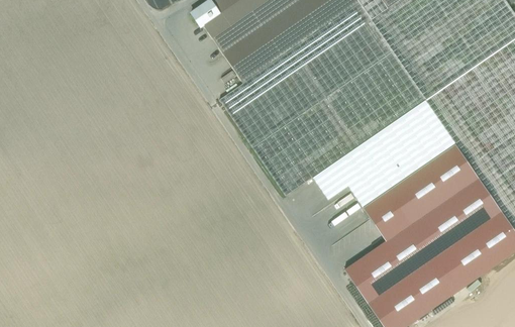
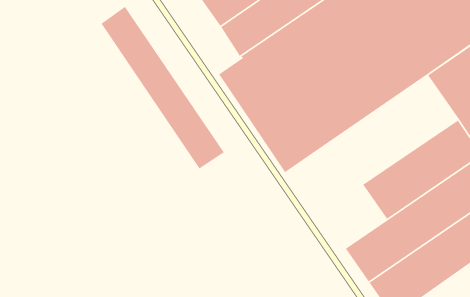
building: none -> [100,6,225,170]
building: [314,99,456,206] -> none

